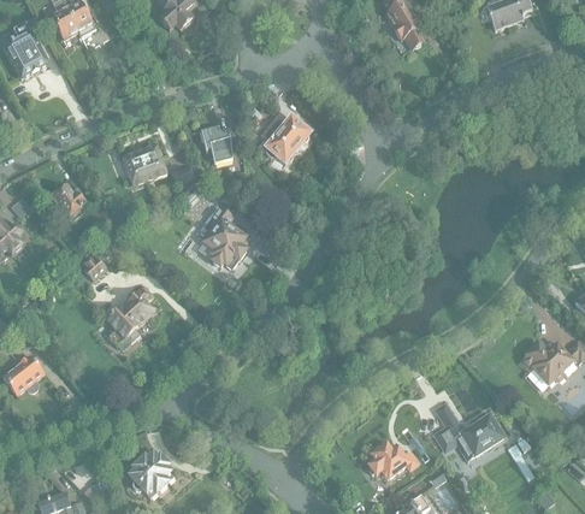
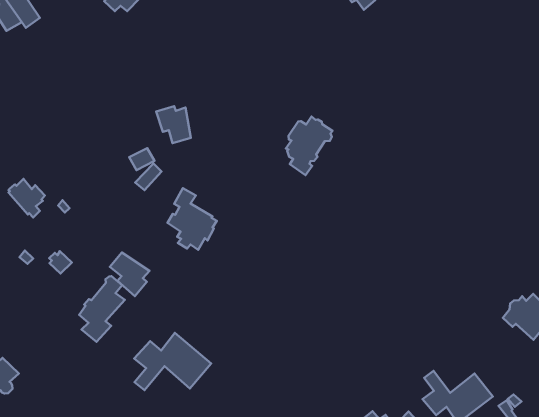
building: [262,117,309,173] -> [286,116,333,175]
building: [120,143,166,181] -> none
building: none -> [110,252,150,296]
building: none -> [134,333,211,390]

